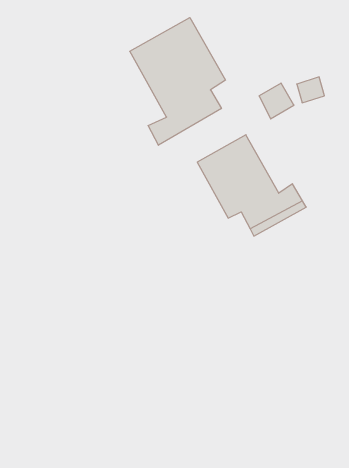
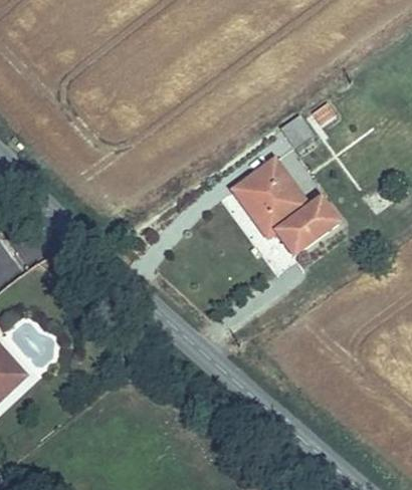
building: [130,18,225,145] -> none

